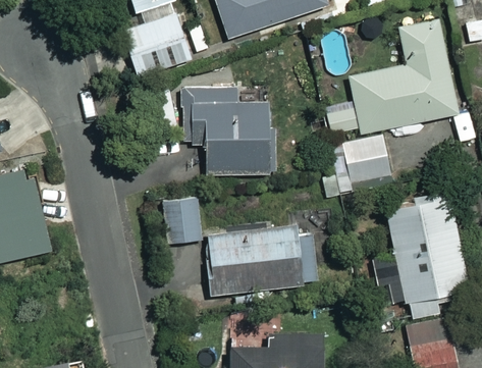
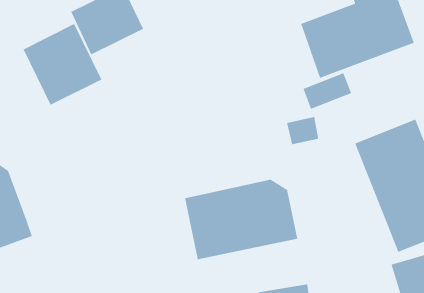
building: none -> [23,23,103,106]
building: [182,88,277,174] -> none
building: [163,197,204,242] -> none

